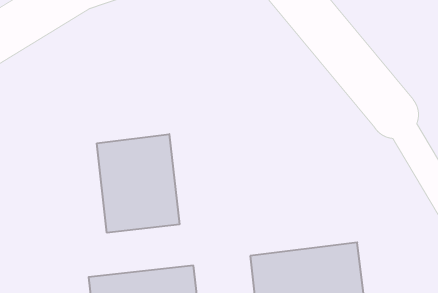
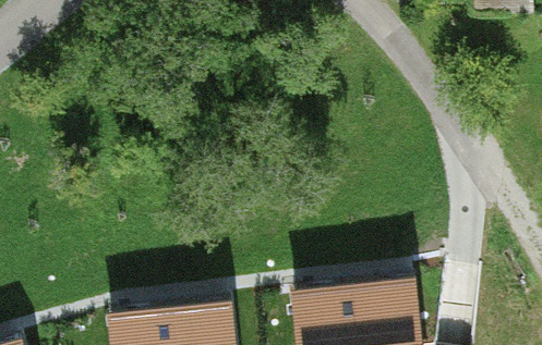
building: [97,134,179,233] -> none

